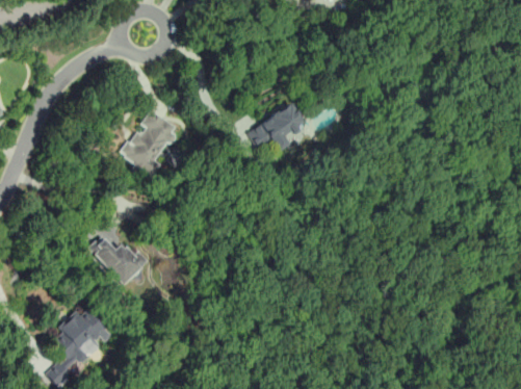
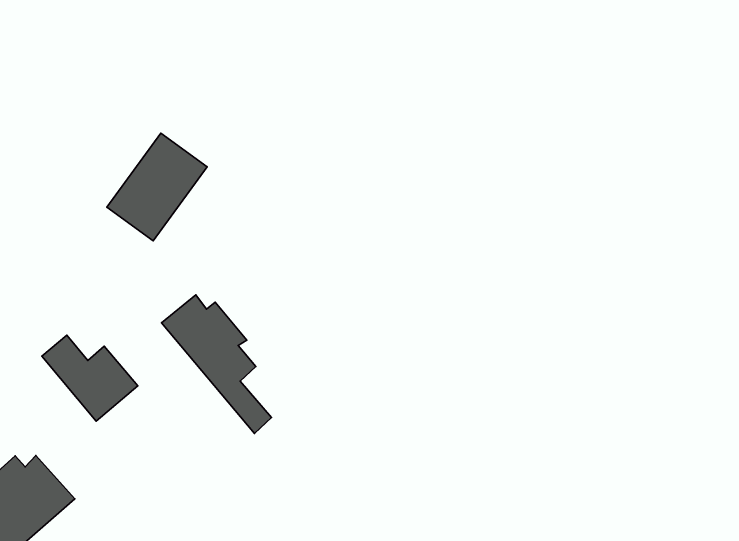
building: [244,101,303,151] -> none
building: none -> [161,295,271,433]

